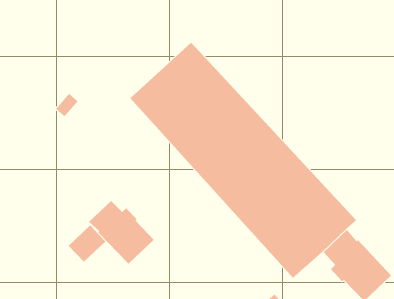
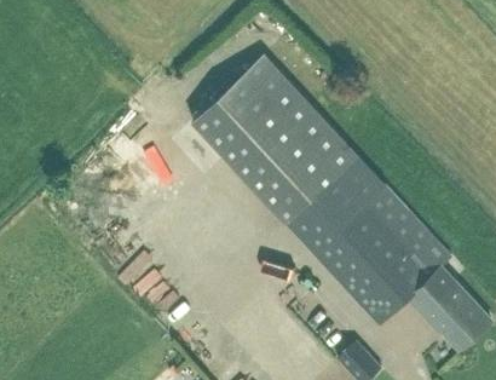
building: [88,200,155,264] -> none

